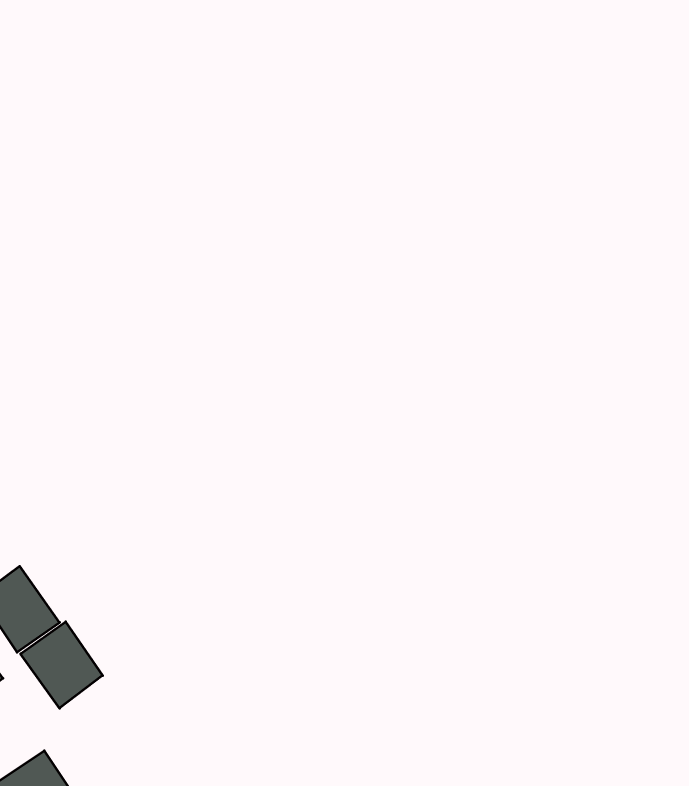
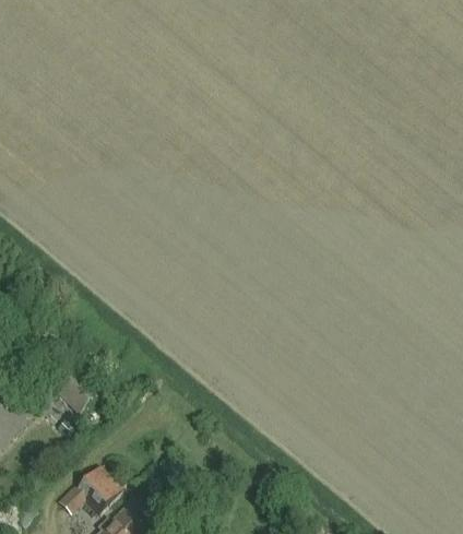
building: [21,622,103,708] -> none

